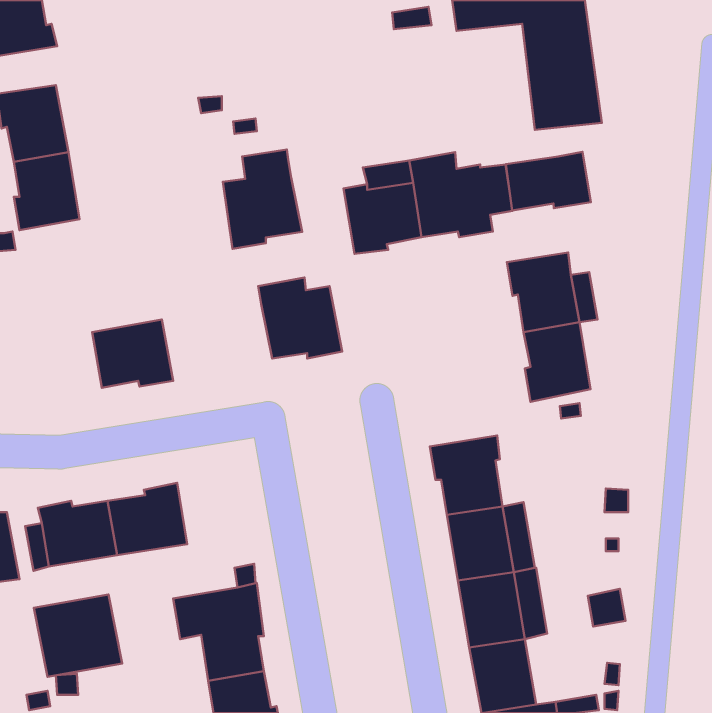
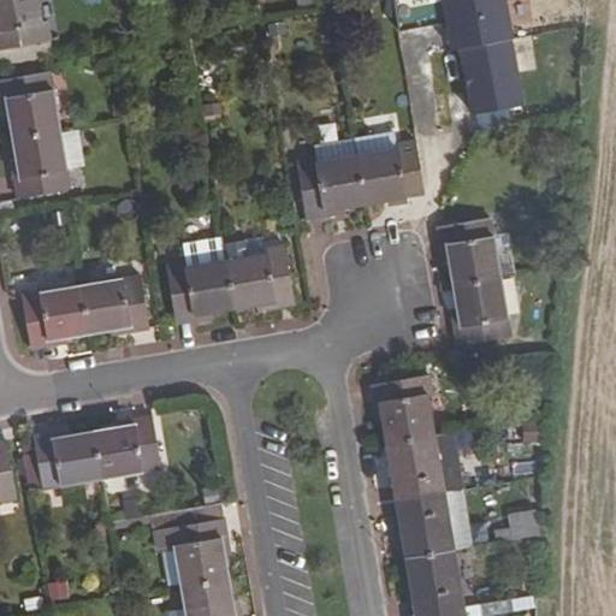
building: [223,150,302,249] -> [166,238,235,324]
building: [506,152,591,210] -> none
building: none -> [22,286,88,349]
building: [34,595,122,677] -> none

